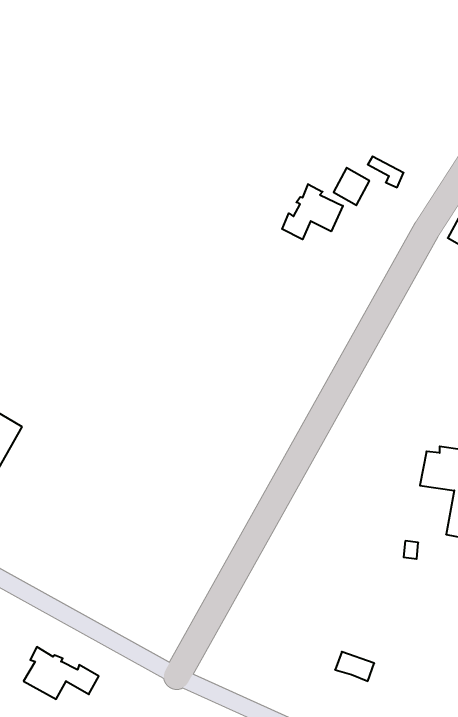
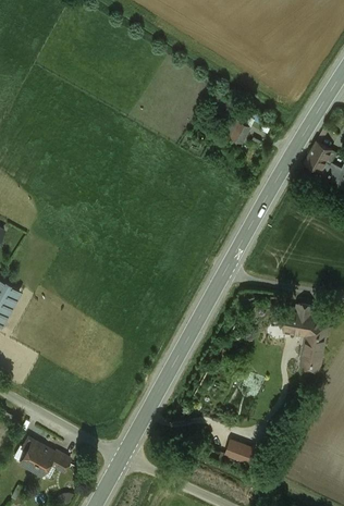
building: [282,184,343,239] -> none

